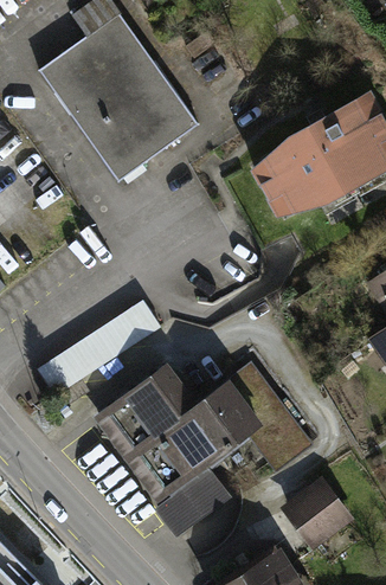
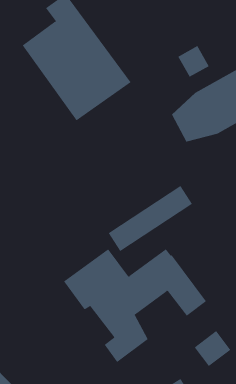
building: none -> [178,45,210,78]
building: [37,298,161,396] -> [108,185,193,252]

